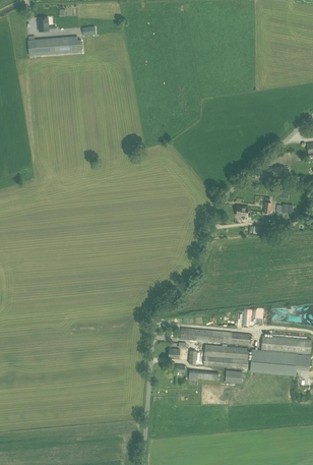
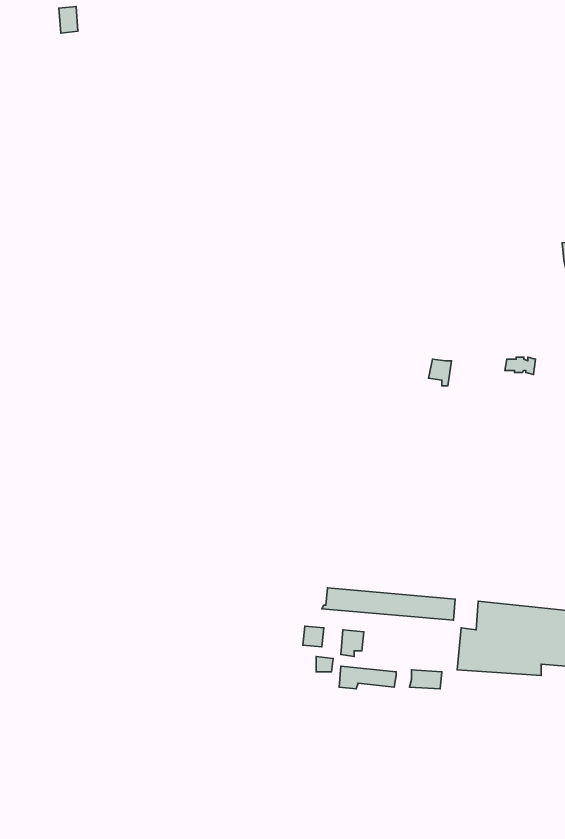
building: [28,36,82,54] -> none
building: [203,343,249,367] -> none

